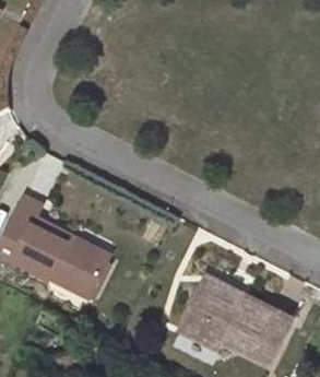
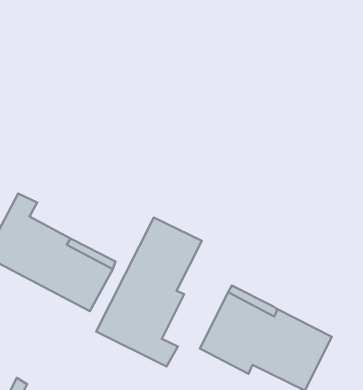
building: none -> [96,218,202,366]

